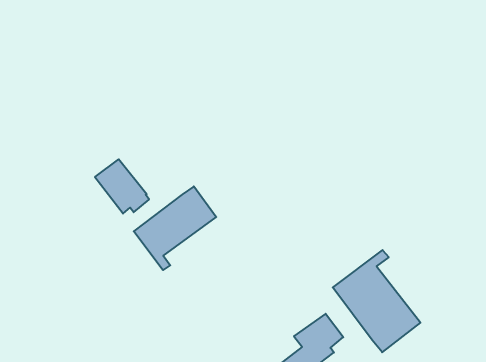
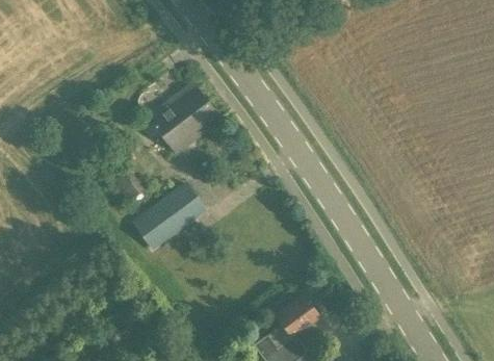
building: none -> [141,82,224,156]
building: [333,250,420,352] -> none

